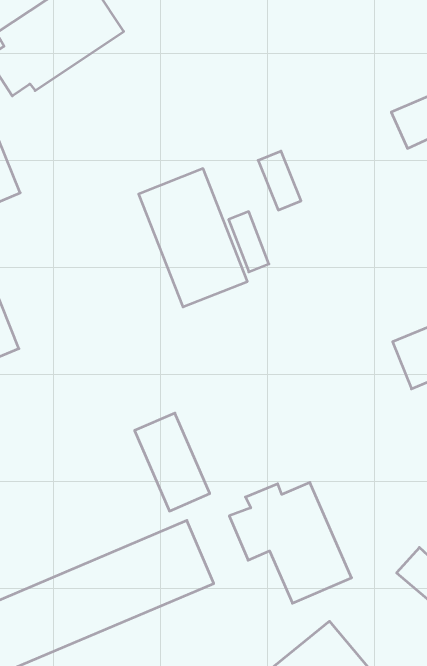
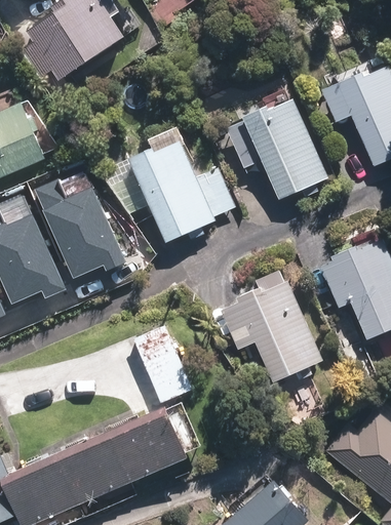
building: none -> [243,97,327,202]
building: none -> [32,186,99,268]
building: [229,482,352,603] -> [230,287,323,379]

